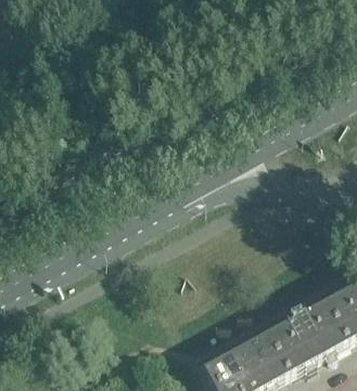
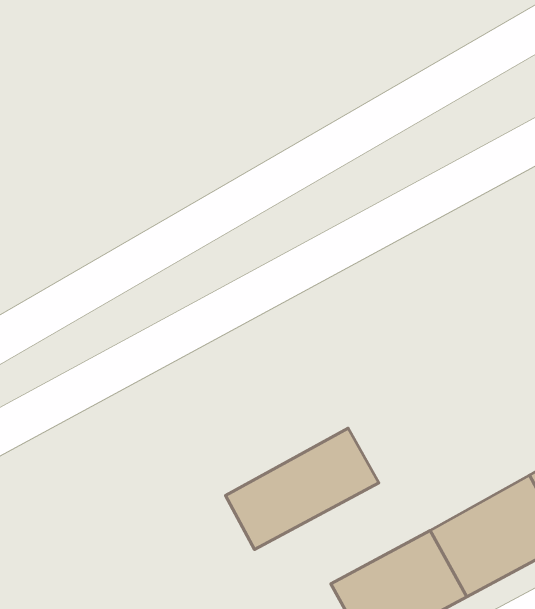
building: none -> [226,428,379,550]

